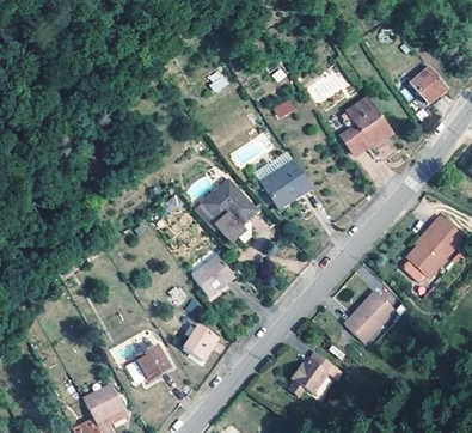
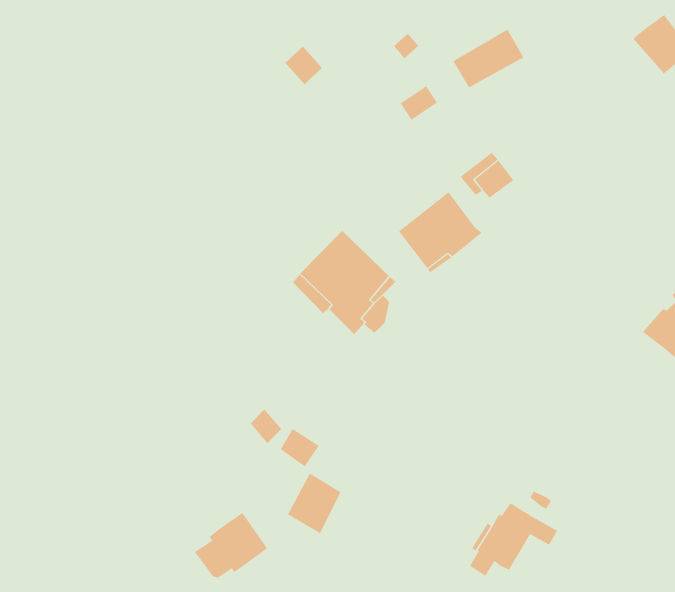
building: [342,94,393,152] -> none
building: [194,251,235,291] -> none
building: [343,287,394,340] -> none

